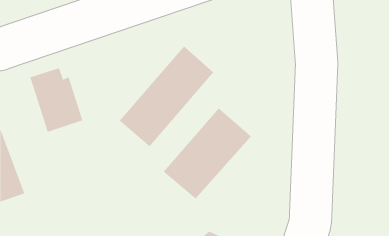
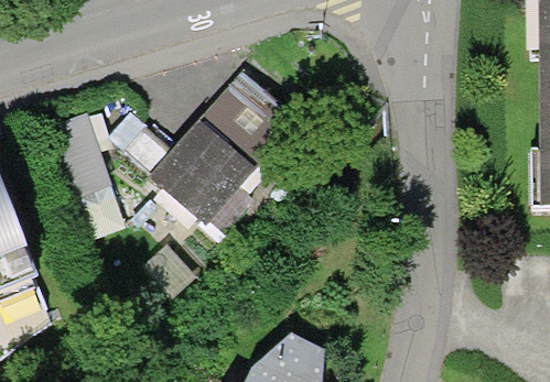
building: [163,107,252,200] -> none

